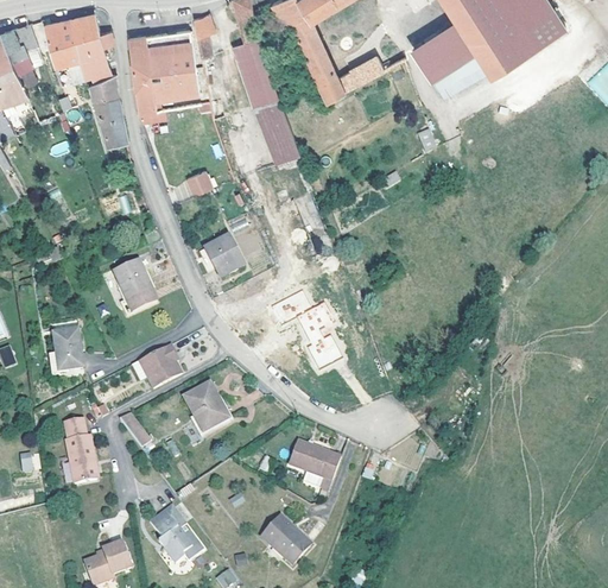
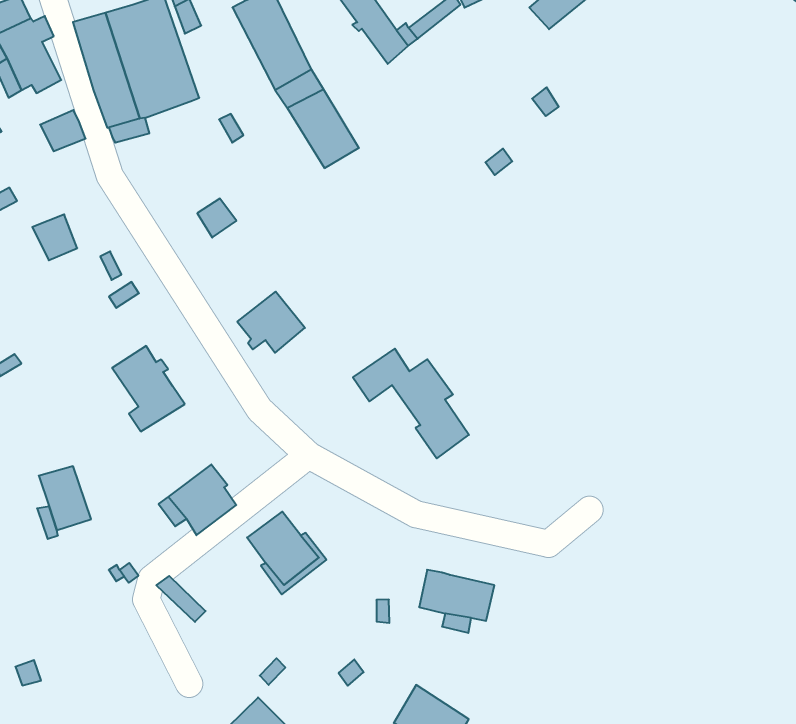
building: [88,72,118,101] -> none
building: [100,115,127,144] -> [32,214,77,260]
building: [64,416,96,482] -> none

